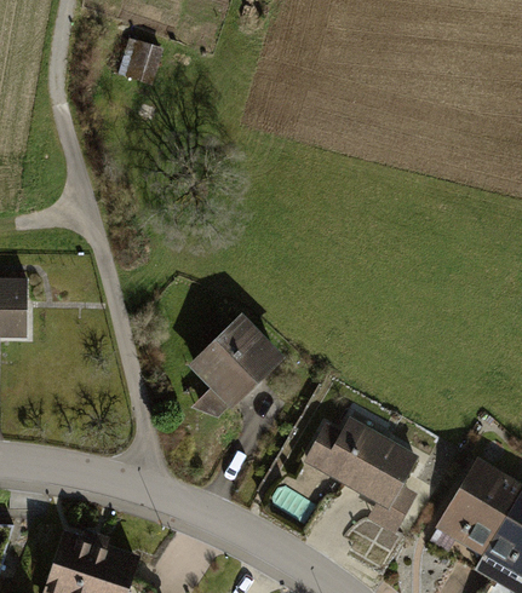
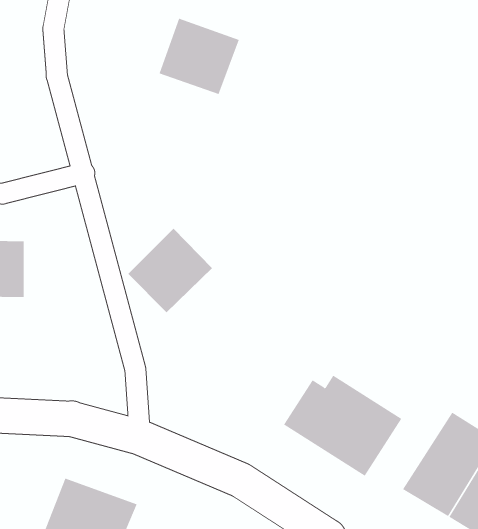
building: [119,35,161,80] -> none
building: none -> [159,18,239,95]
building: [194,317,283,407] -> [127,228,213,313]

